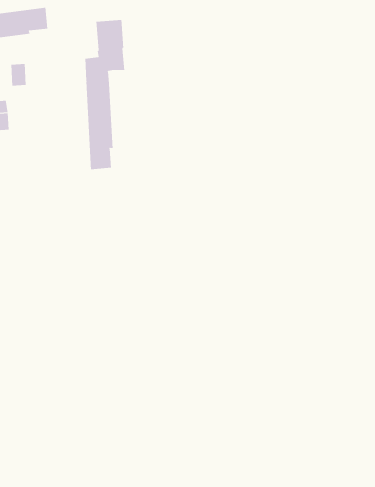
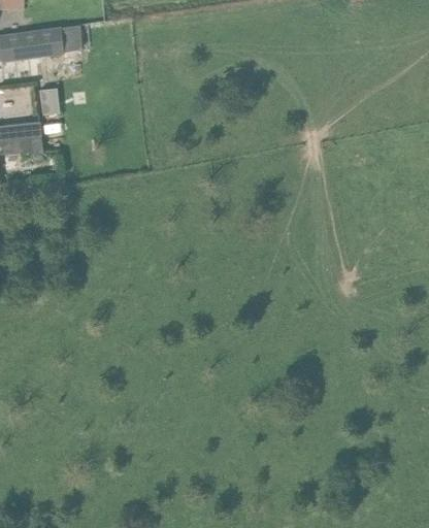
building: [85,19,125,170] -> none

